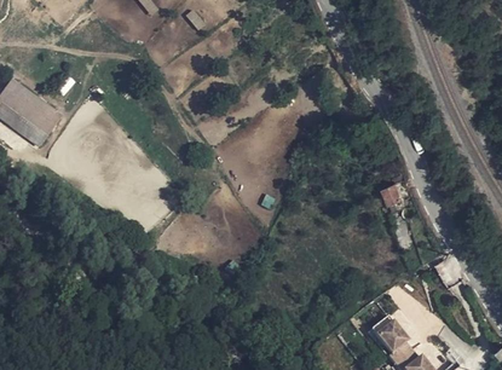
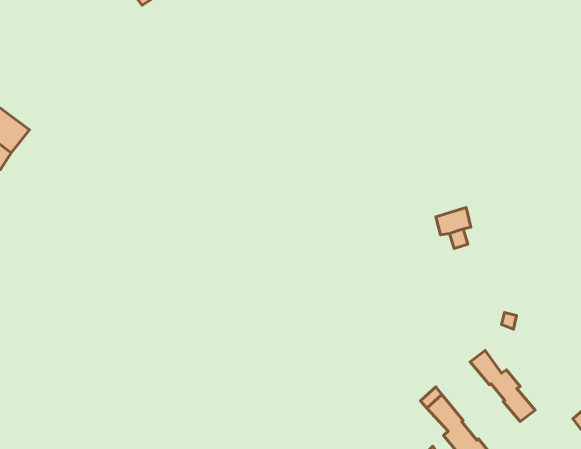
building: none -> [470,350,535,422]

